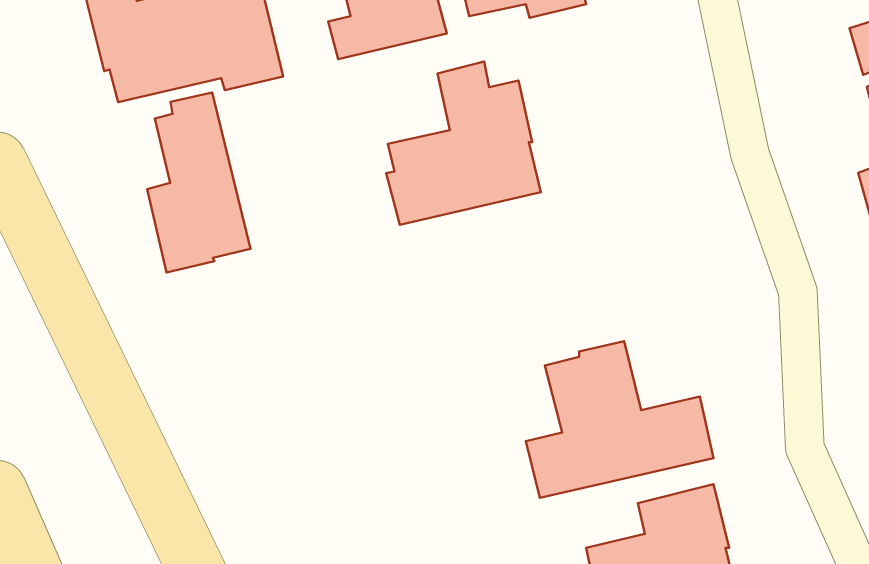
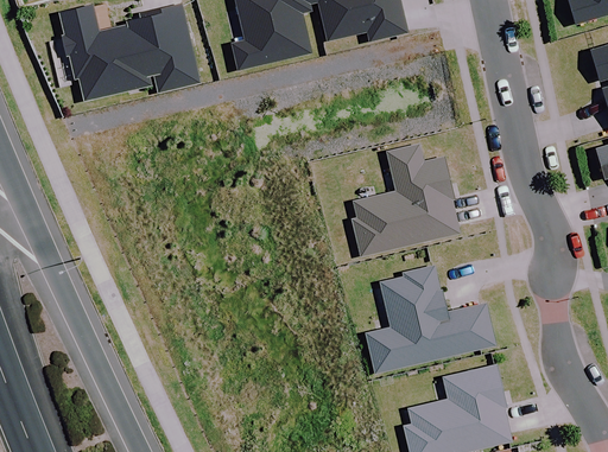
building: [386,61,541,225] -> [352,142,458,255]
building: [147,93,250,273] -> none

